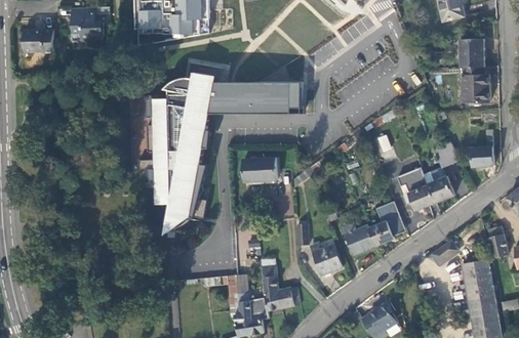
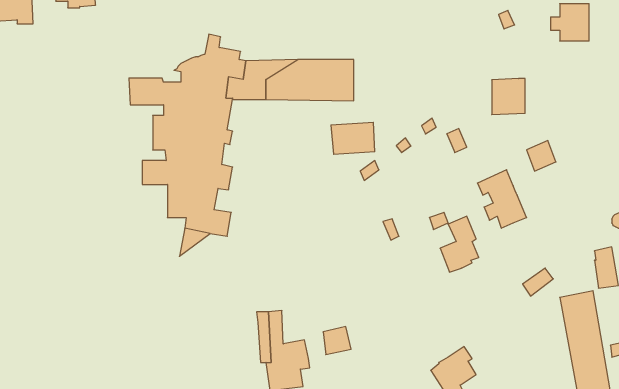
building: [463,73,488,100] -> [492,79,525,115]
building: [471,128,492,165] -> none
building: [241,157,275,181] -> [331,122,375,154]
building: [427,175,452,202] -> none
building: [342,221,375,253] -> none
building: [309,242,342,274] -> none
building: [261,262,280,310] -> none

